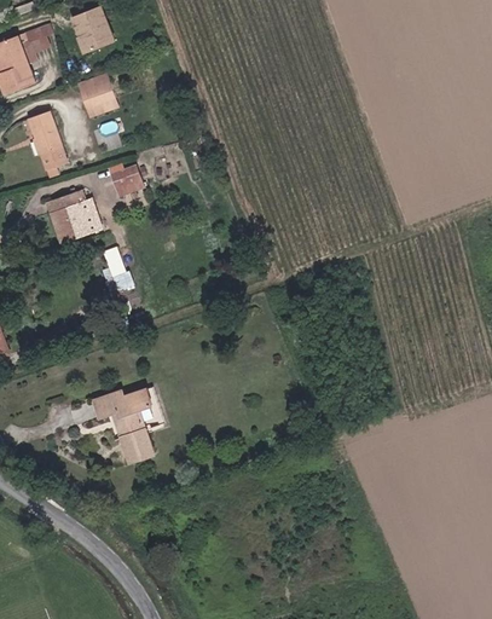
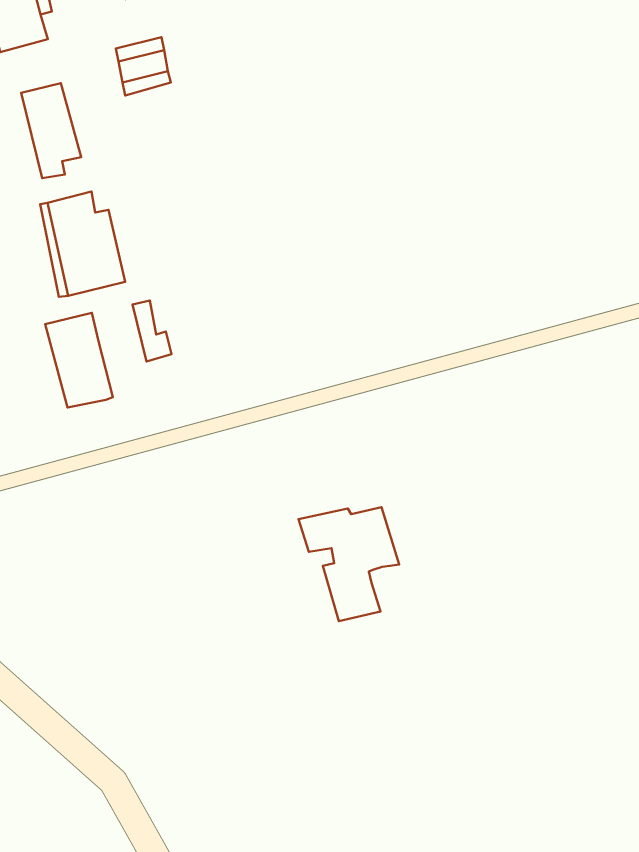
building: [109,162,138,191] -> none
building: none -> [45,313,113,407]
building: [100,388,168,464] -> [299,507,399,621]

